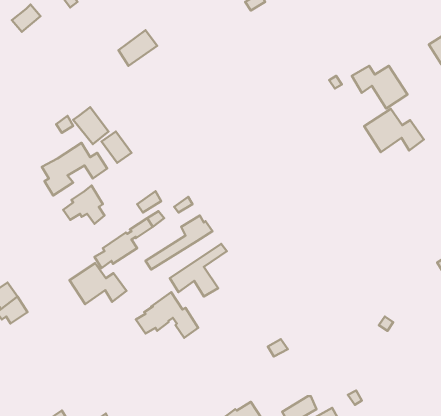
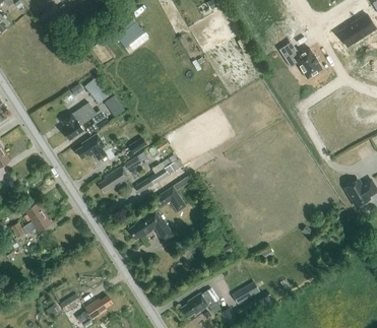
building: [364,109,424,152] -> none
building: [69,263,126,304] -> none

